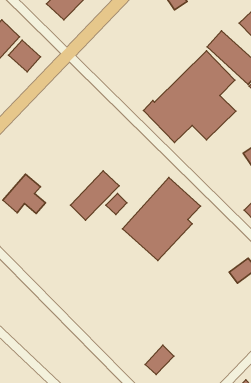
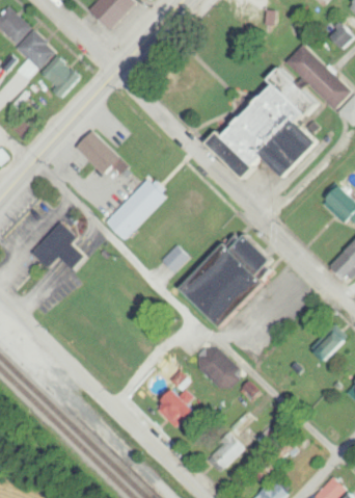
building: none -> [77,131,120,176]
building: [70,171,119,220] -> [105,179,165,240]
building: none -> [196,347,241,392]
building: none -> [158,391,193,427]

